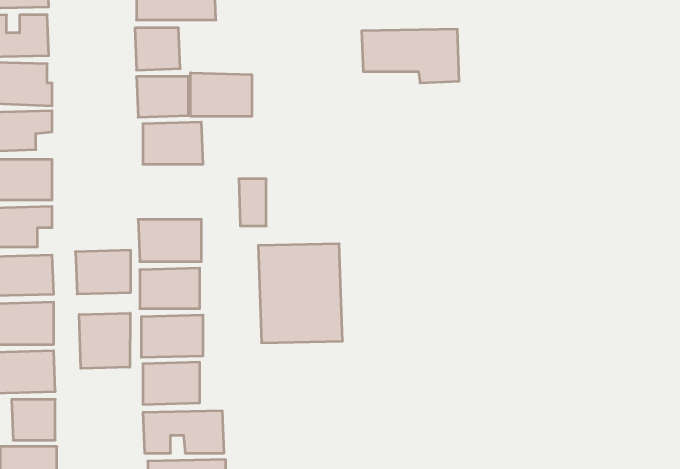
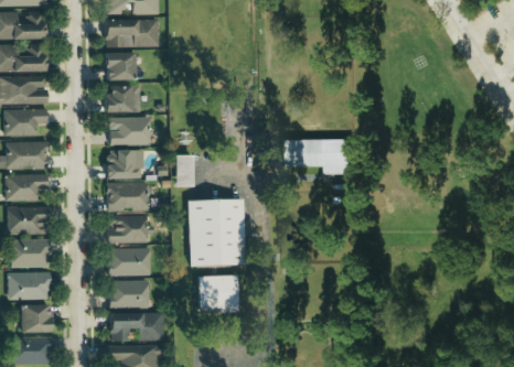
building: [362,29,459,83] -> [286,139,352,175]
building: [191,73,252,116] -> none
building: [75,250,131,294] -> [106,150,143,180]
building: [79,313,130,368] -> none
building: none -> [199,276,238,313]

